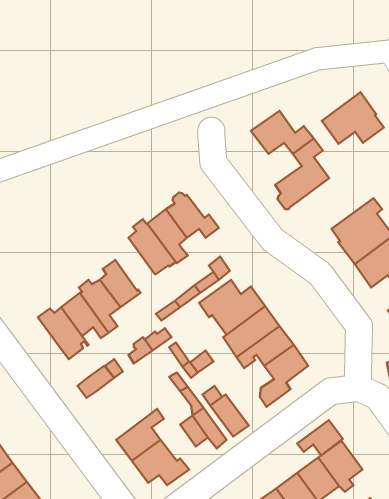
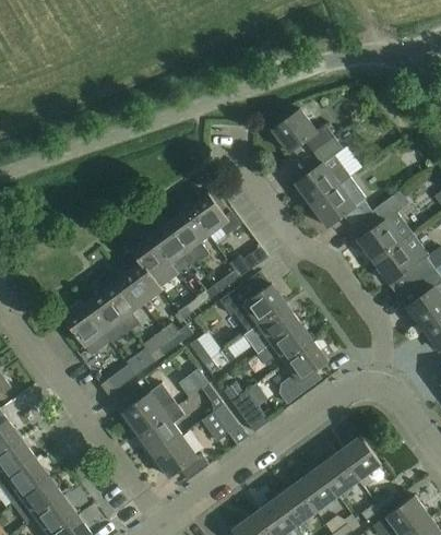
building: [322,92,384,144] -> [311,177,372,228]
building: none -> [131,236,179,288]
building: none -> [122,383,179,436]
building: [297,420,343,455] -> none

